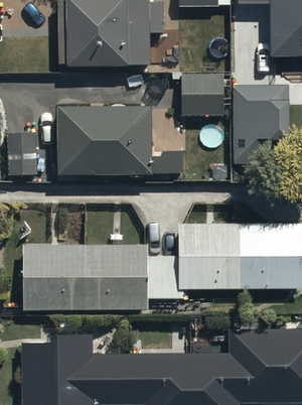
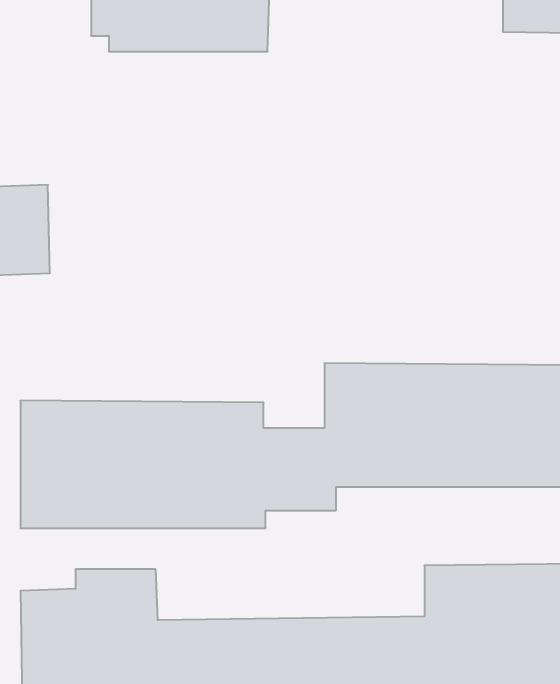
building: [182,74,225,119] -> none
building: [235,87,290,164] -> none
building: [59,105,185,172] -> none

